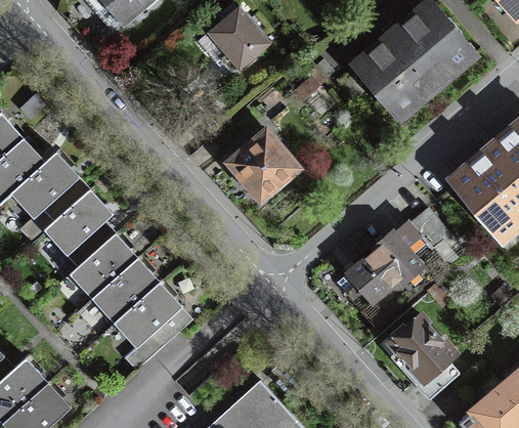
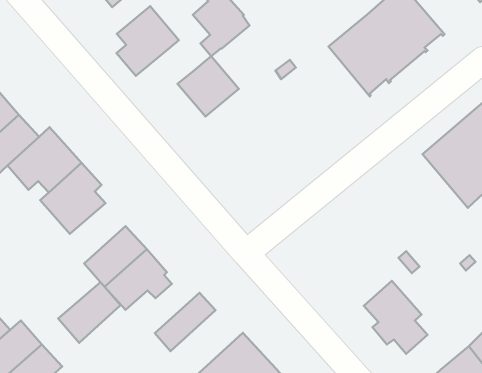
building: none -> [117,6,179,76]
building: [230,134,296,199] -> [177,56,239,117]
building: [337,211,456,329] -> none
building: [70,234,136,299] -> [58,282,121,343]
building: none -> [155,293,215,351]

